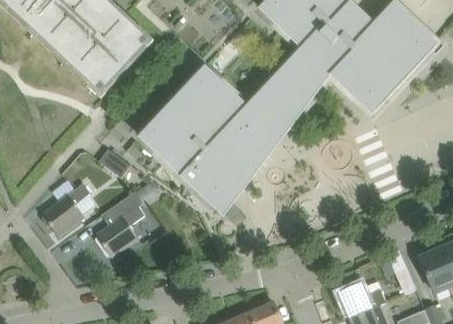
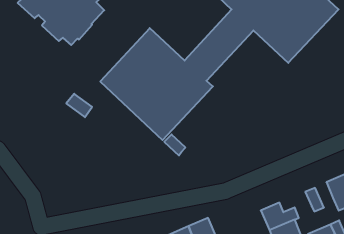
building: [42,182,91,235] -> none
building: [96,190,145,256] -> none

